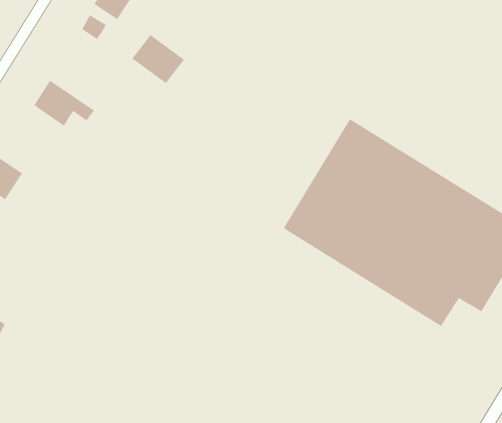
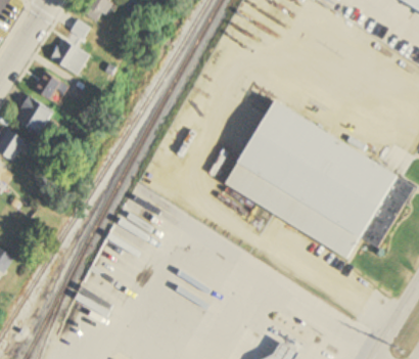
building: [132,34,185,84] -> [49,38,90,76]
building: none -> [12,96,53,136]

